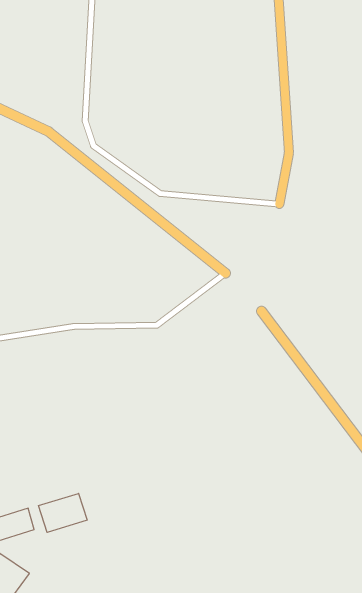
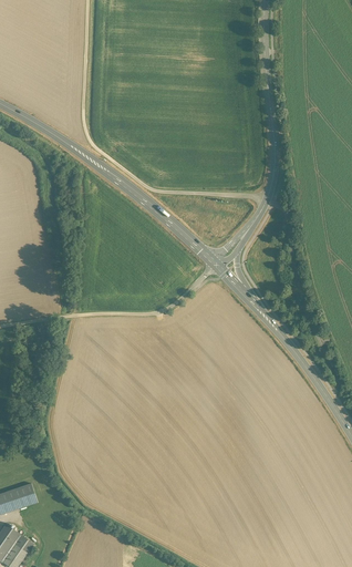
building: [38,493,87,532] -> none

